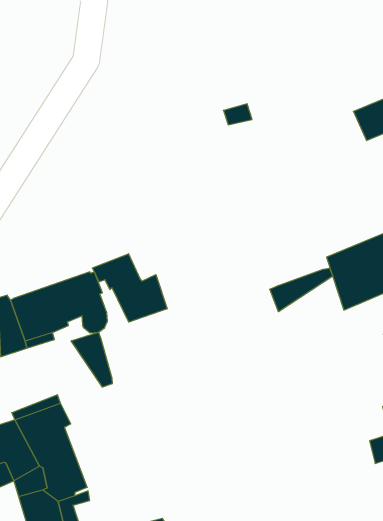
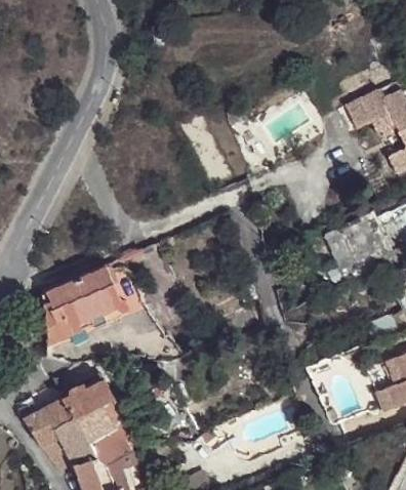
building: [92,254,167,322] -> none
building: [270,268,333,312] -> none
building: [71,332,112,387] -> none

